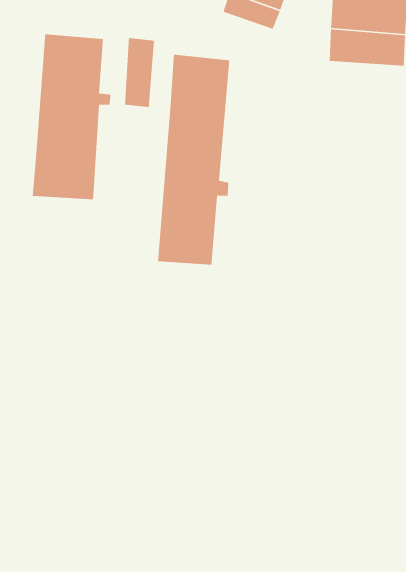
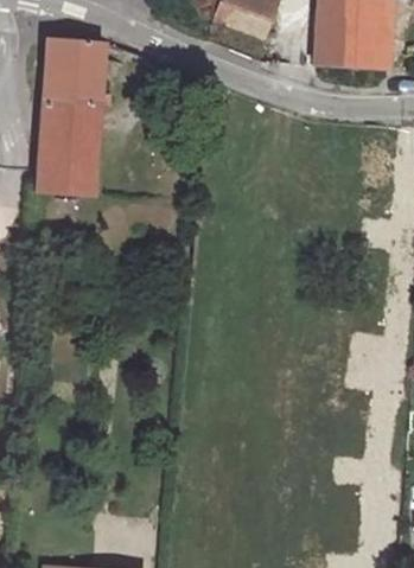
building: [124,37,155,108] -> none
building: [157,54,230,265] -> none

